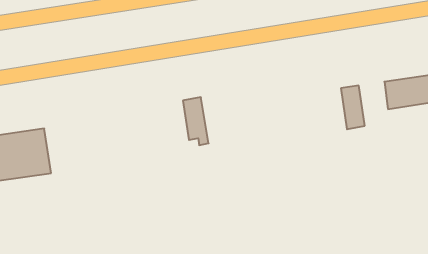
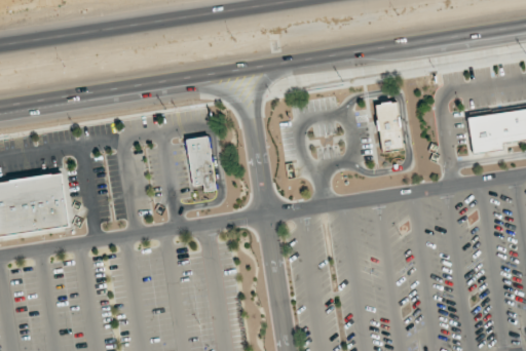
building: [341,86,365,129] -> [375,102,404,154]
building: [183,97,209,145] -> [185,135,216,193]

